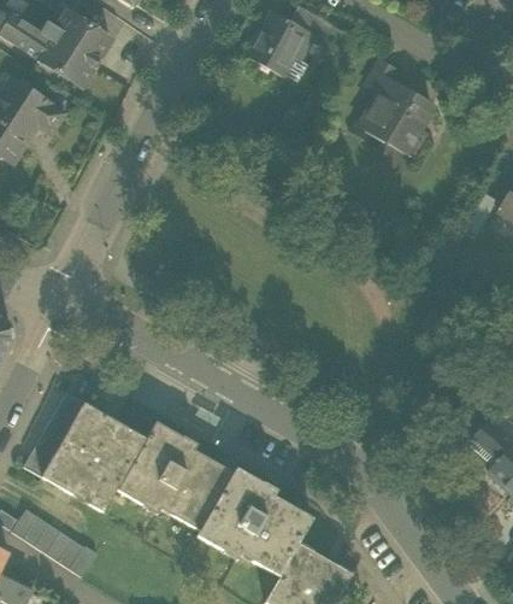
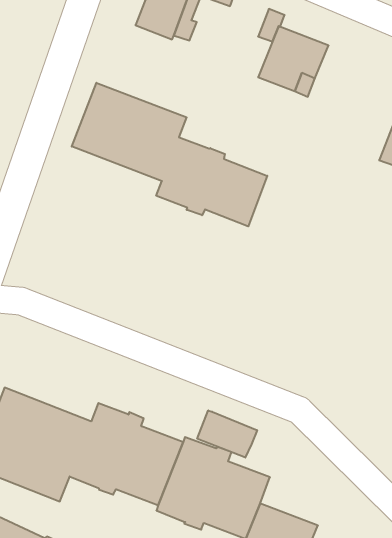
building: none -> [72,83,267,226]
building: none -> [197,410,257,458]

